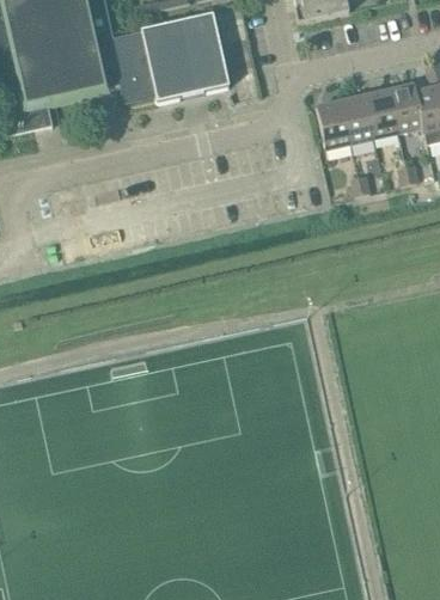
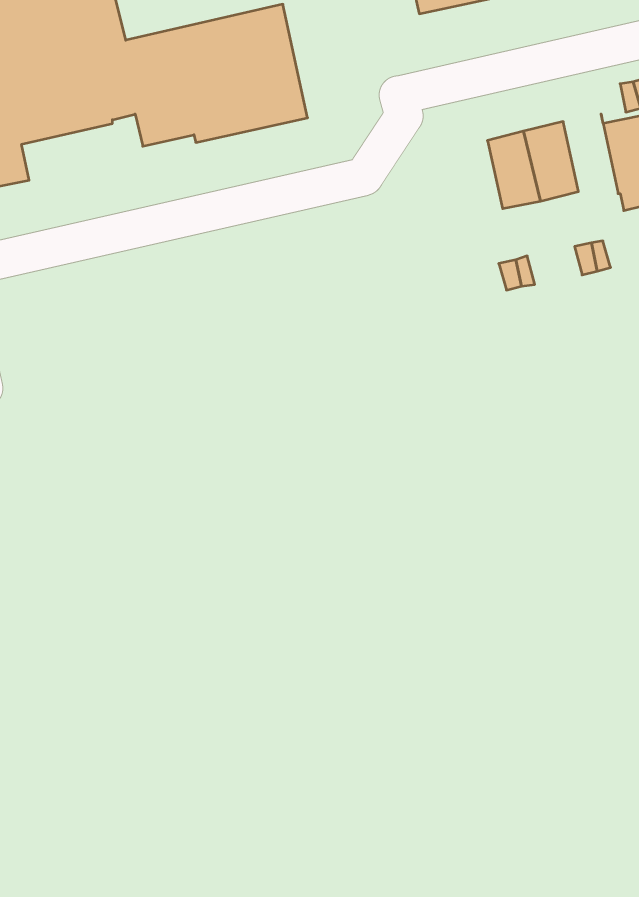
building: [390,82,424,133] -> none
building: [316,99,352,148] -> none

